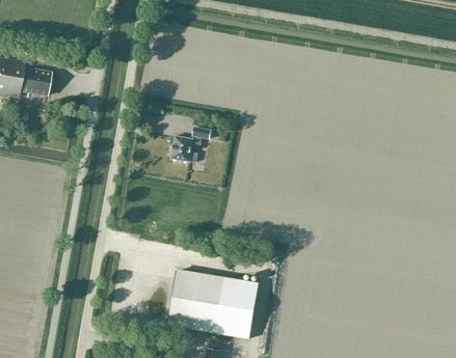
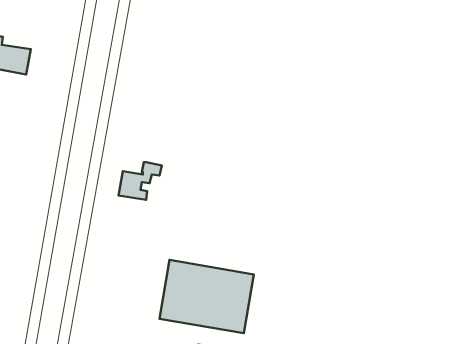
building: [169,127,210,162] -> [118,162,162,200]

